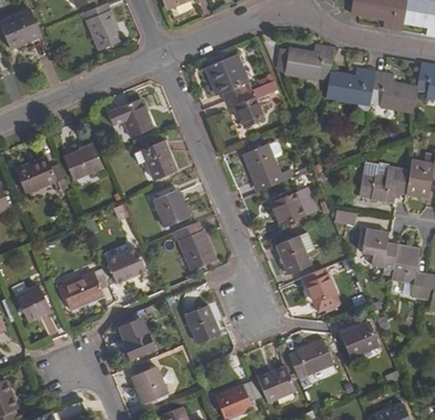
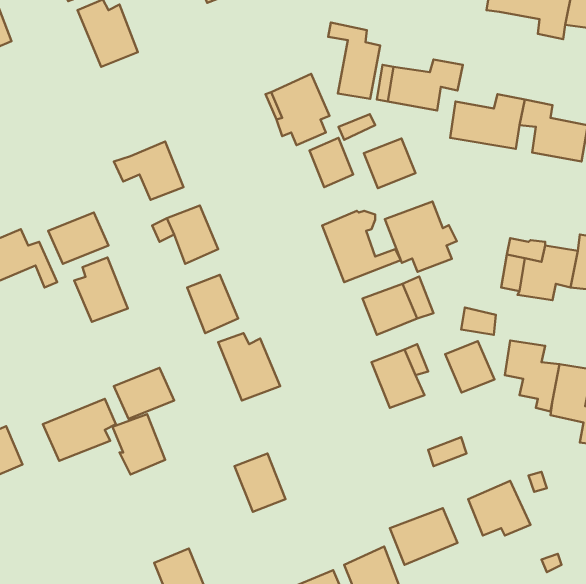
building: none -> [328,22,380,99]
building: none -> [364,138,416,188]
building: none -> [385,202,457,272]
building: none -> [74,258,128,322]
building: [302,268,334,301] -> [445,341,494,392]
building: [118,317,153,356] -> [112,414,165,474]

